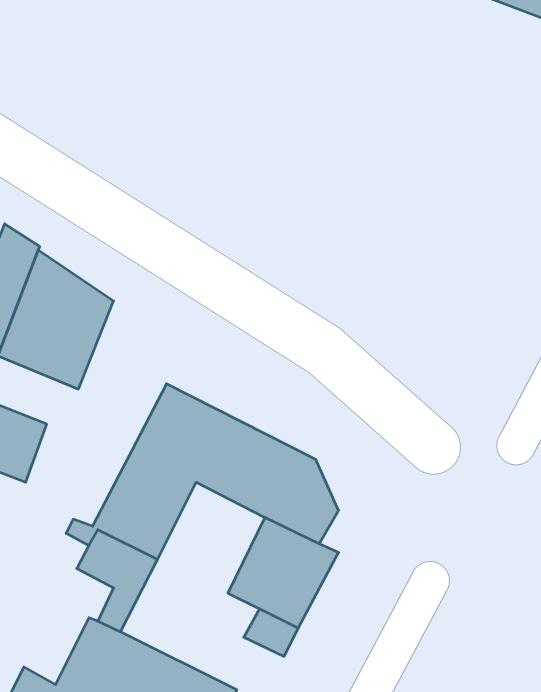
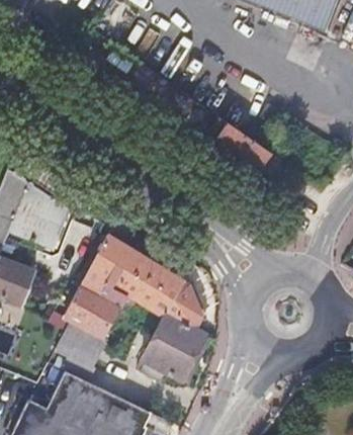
building: none -> [205,114,268,168]

